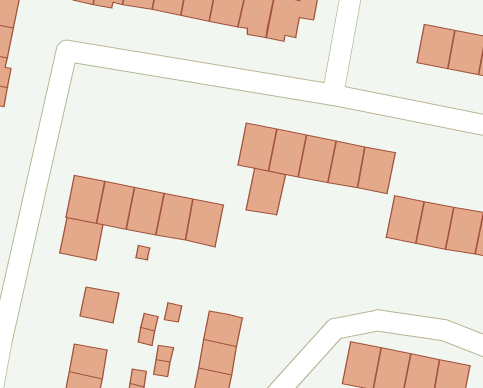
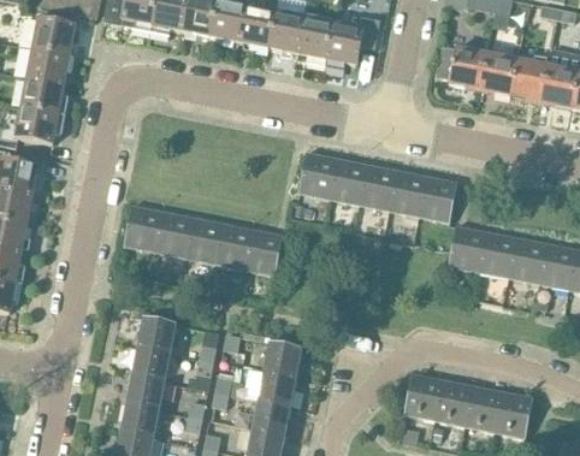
building: none -> [436,46,486,90]
building: [246,168,285,215] -> none
building: [60,217,103,260] -> none
building: none -> [131,347,171,381]

